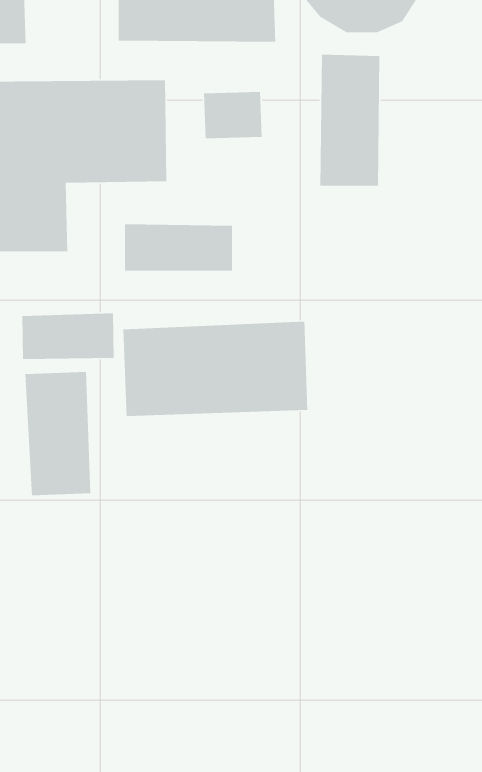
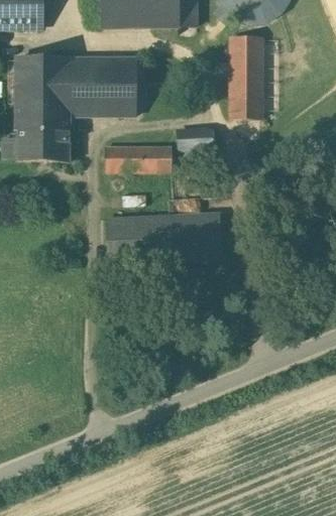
building: [203,91,263,139] -> [178,128,215,158]
building: [22,313,115,360] -> none
building: [25,371,91,496] -> none

